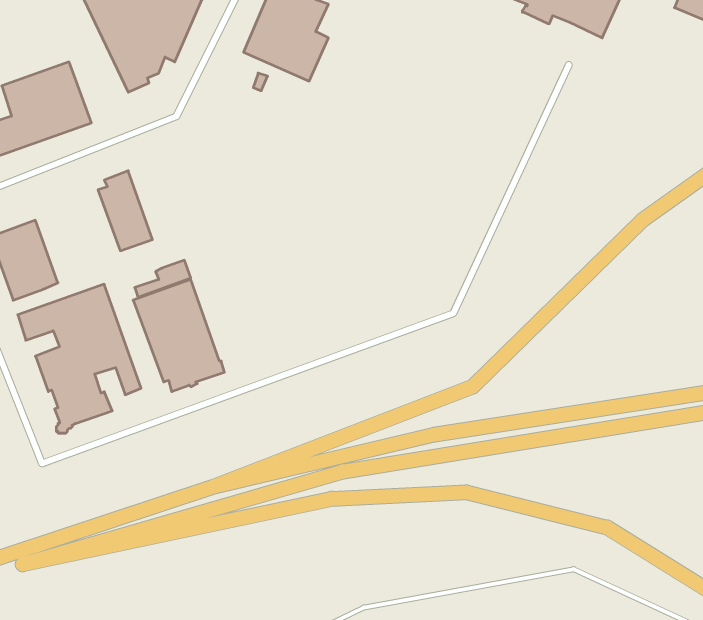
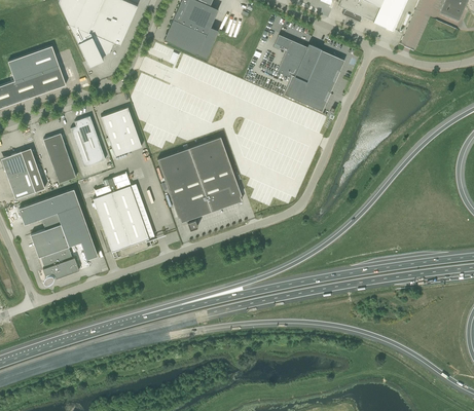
building: none -> [275,35,341,109]
building: none -> [101,108,142,156]
building: none -> [43,134,76,184]
building: none -> [157,137,242,230]

